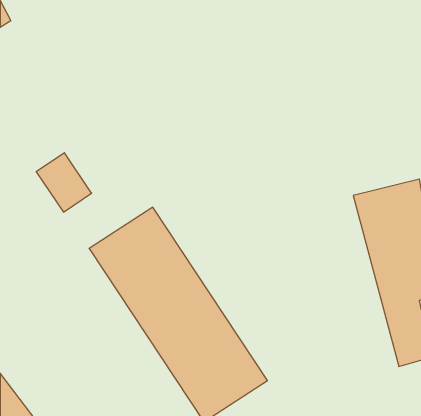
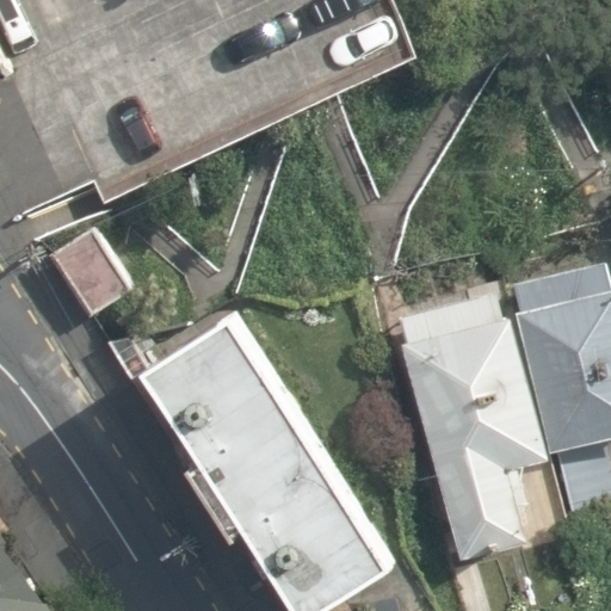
building: none -> [396,295,545,560]

